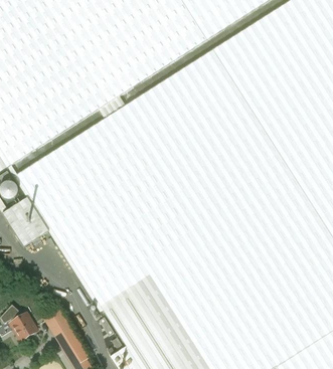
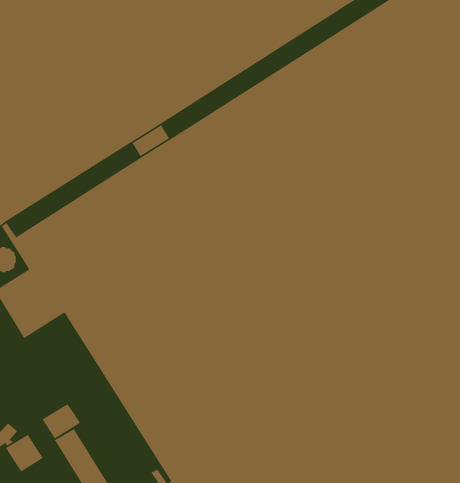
building: none -> [42,403,81,439]

